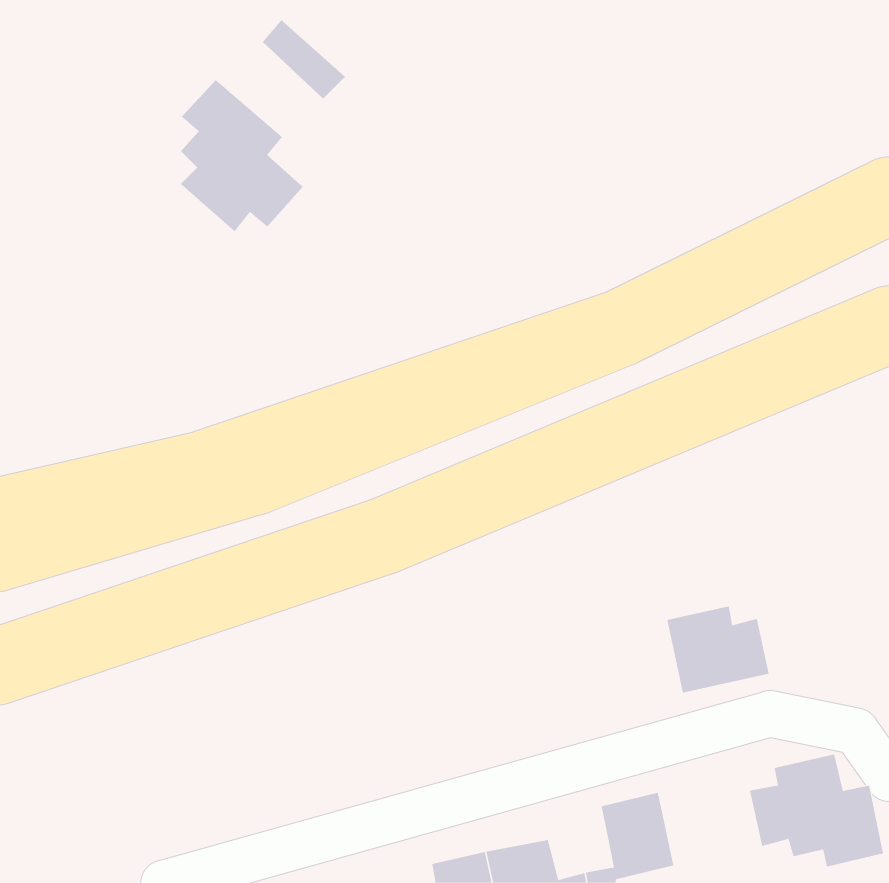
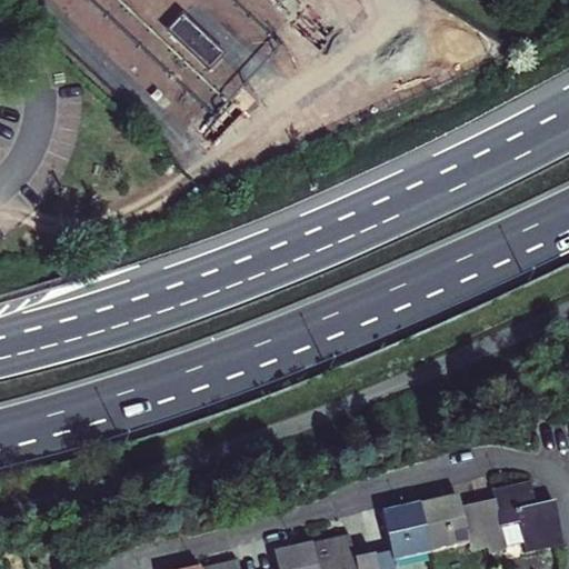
building: [180,79,303,232] -> none
building: [667,606,770,693] -> [419,496,485,551]

